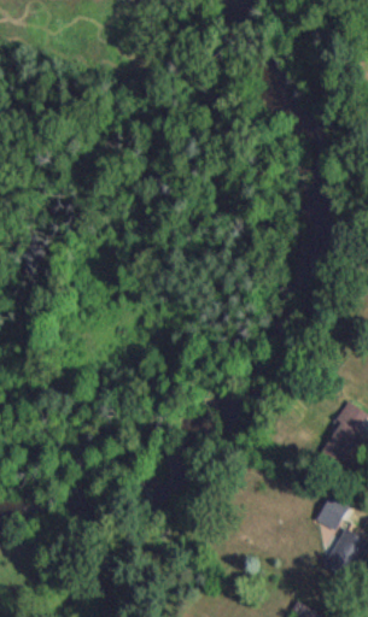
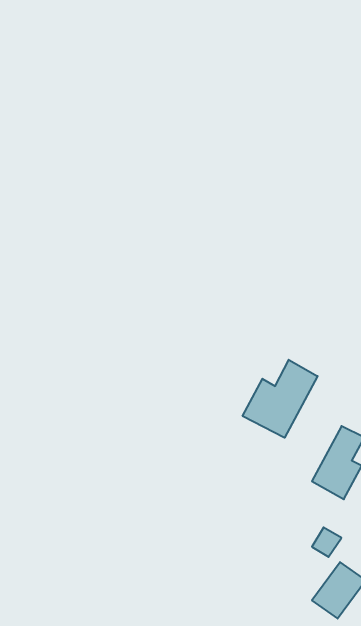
building: none -> [243,360,318,438]

